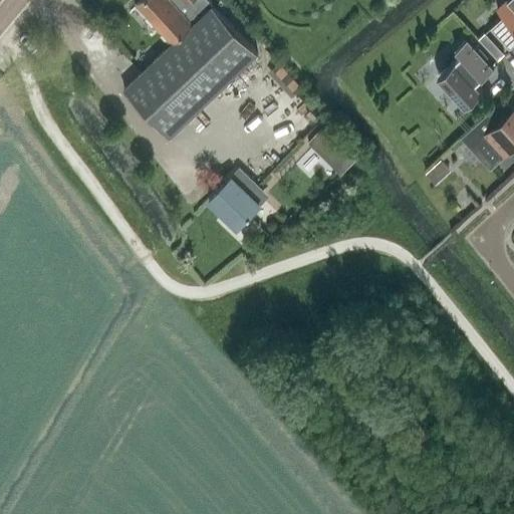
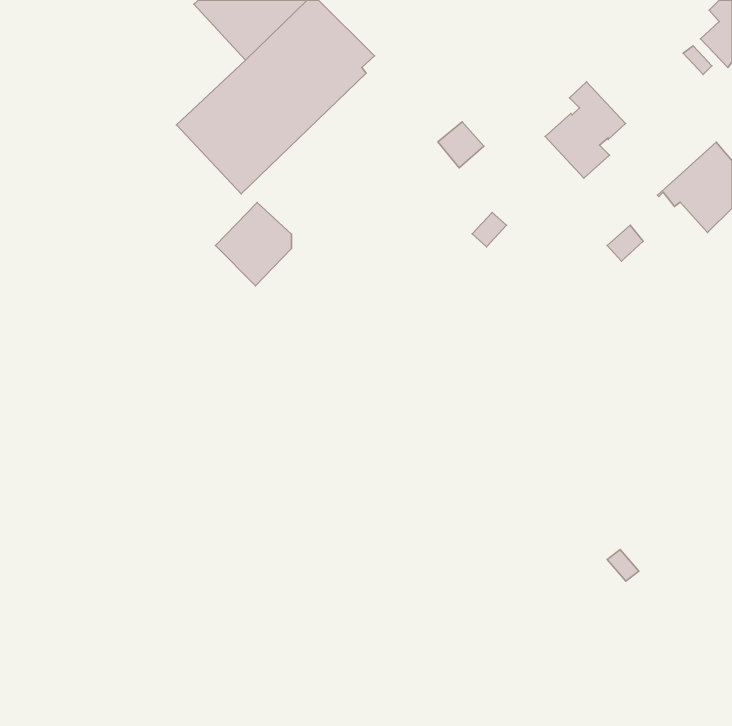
building: [437,42,493,109] -> [545,82,625,178]
building: [311,136,343,168] -> [438,122,484,168]
building: [209,172,262,230] -> [215,203,291,286]

